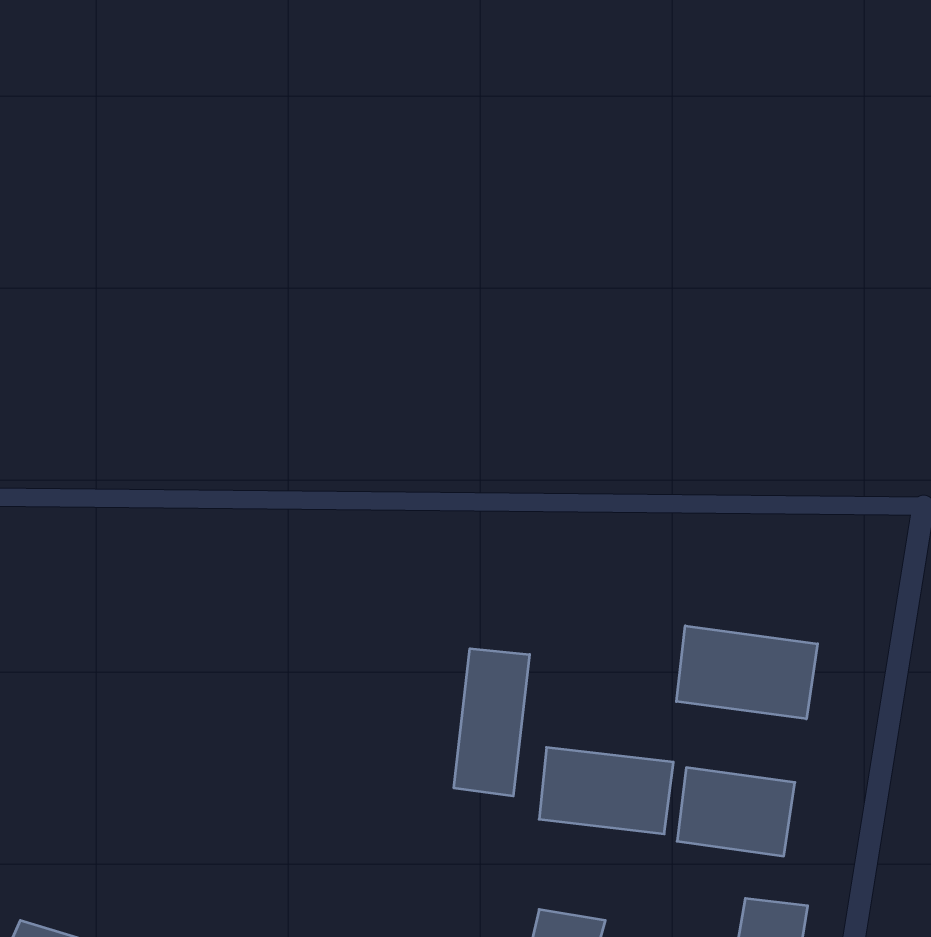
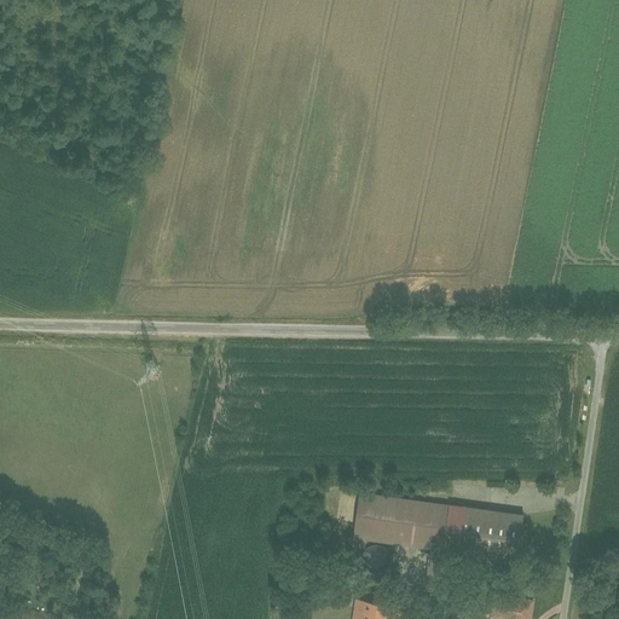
building: [676,626,818,719] -> none
building: [454,649,530,796] -> none

